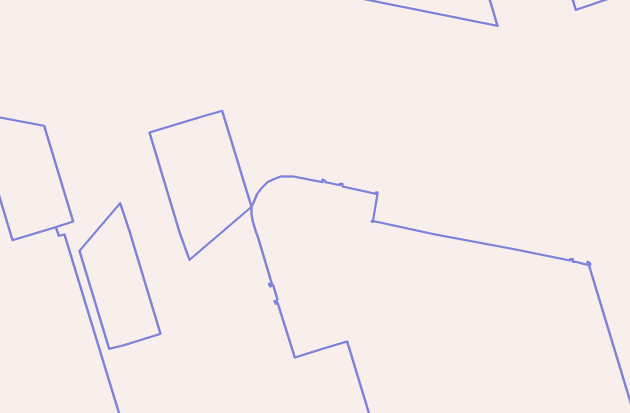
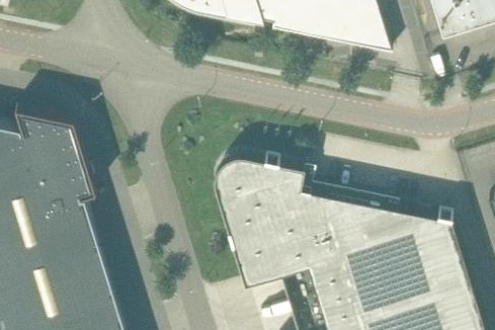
building: [150,111,251,260] -> none
building: [80,203,161,349] -> none

